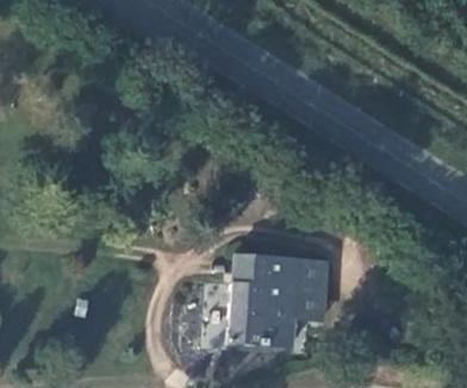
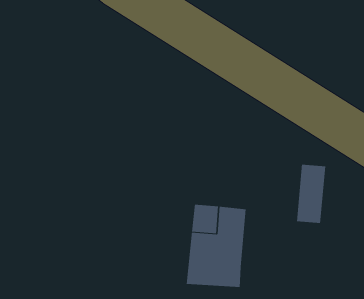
building: [292,257,326,326] -> [296,164,326,224]

